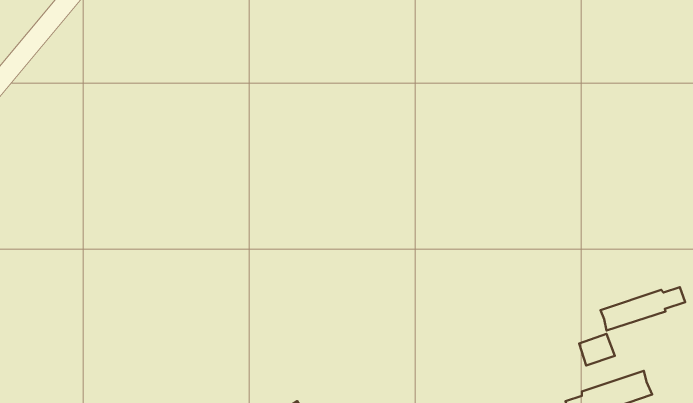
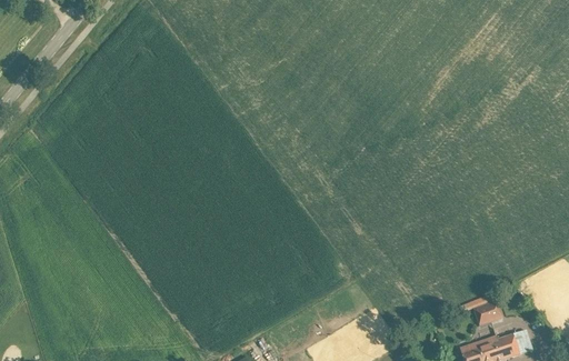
building: [600,287,685,330] -> none

